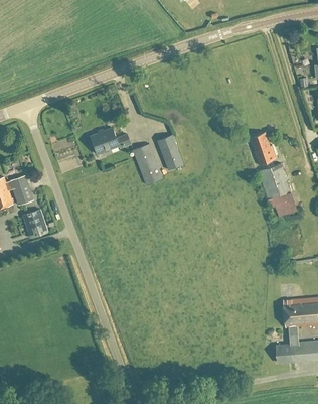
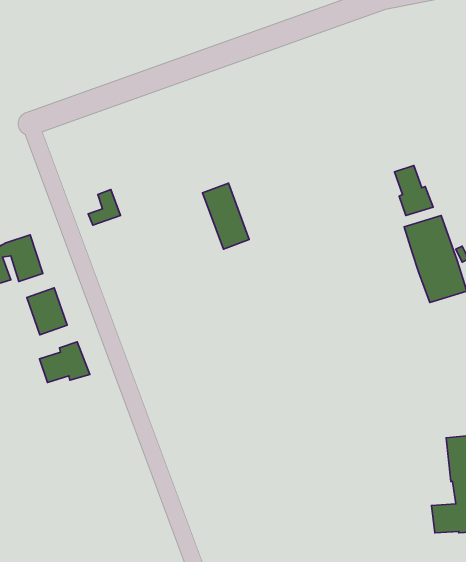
building: [89,127,130,154] -> none
building: [157,135,182,169] -> none
building: none -> [39,342,90,383]

